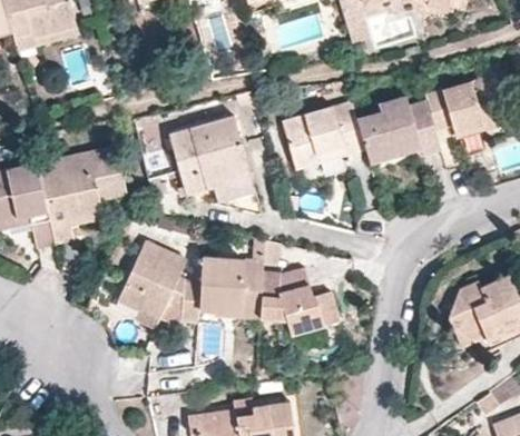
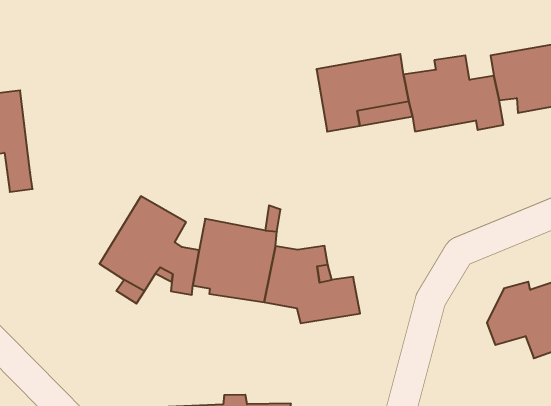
building: [168,117,254,204] -> none
building: [36,147,125,232] -> none

